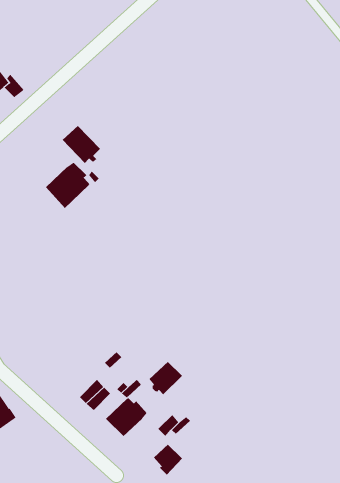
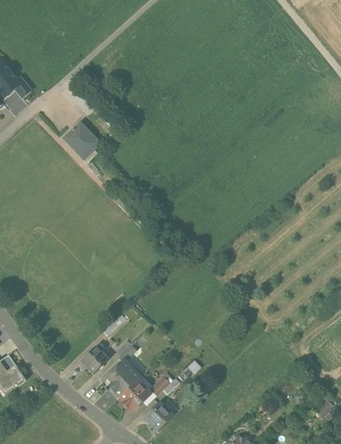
building: [45,162,90,209] -> none
building: [148,361,183,395] -> [119,381,149,411]

